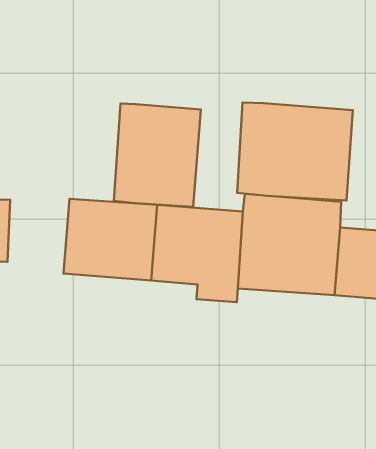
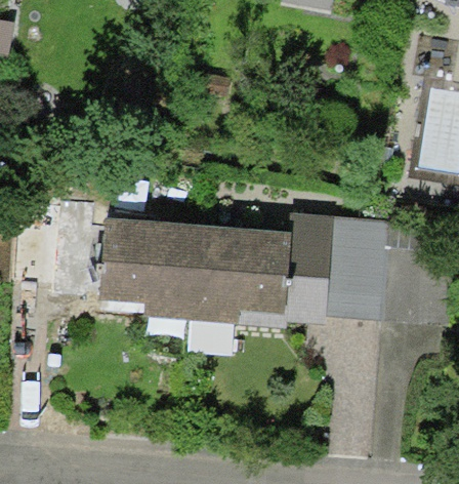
building: [237,102,353,200] -> none
building: [114,104,201,207] -> none

